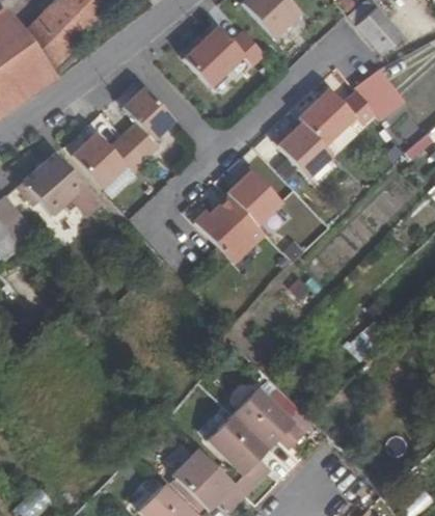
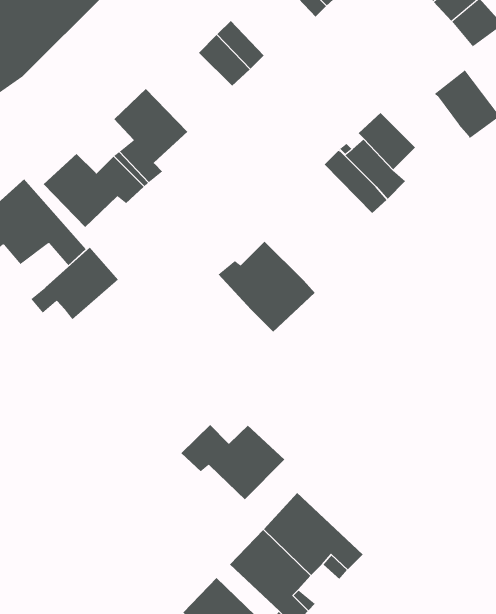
building: [207,26,264,64] -> none
building: [317,89,374,129] -> none
building: [229,167,284,226] -> none
building: none -> [31,247,119,320]
building: none -> [181,424,285,500]

